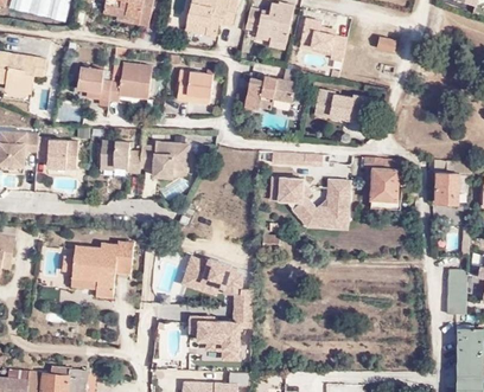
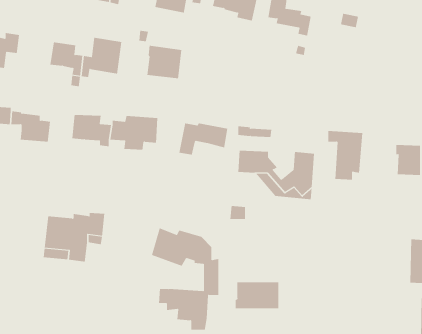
building: [244,77,295,110] -> [179,123,228,155]
building: [314,89,367,123] -> none
building: none -> [235,281,279,309]

